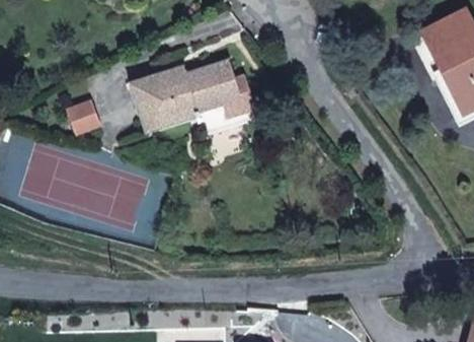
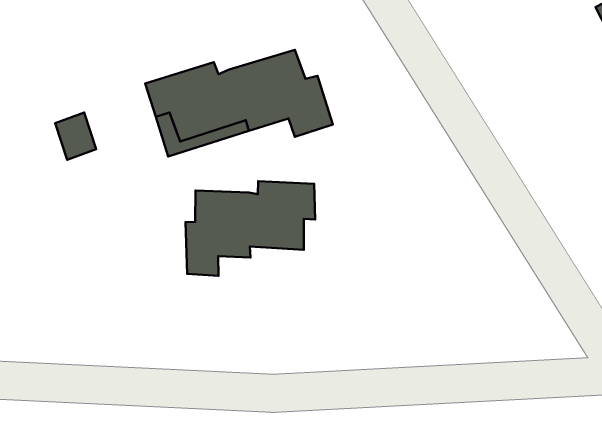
building: none -> [185,181,315,276]

